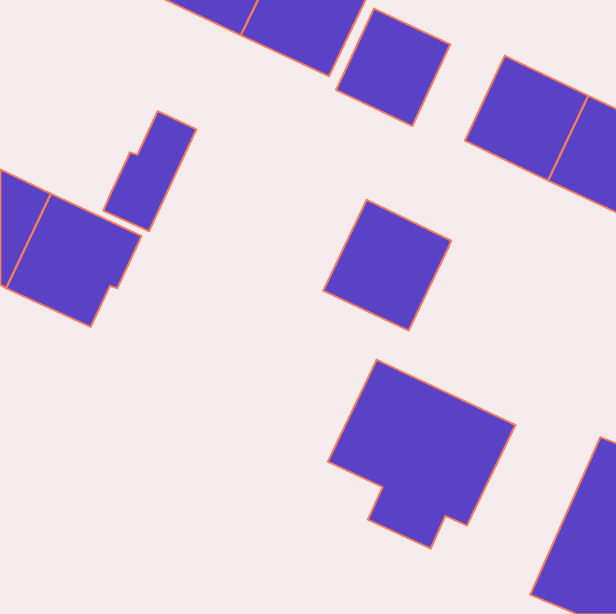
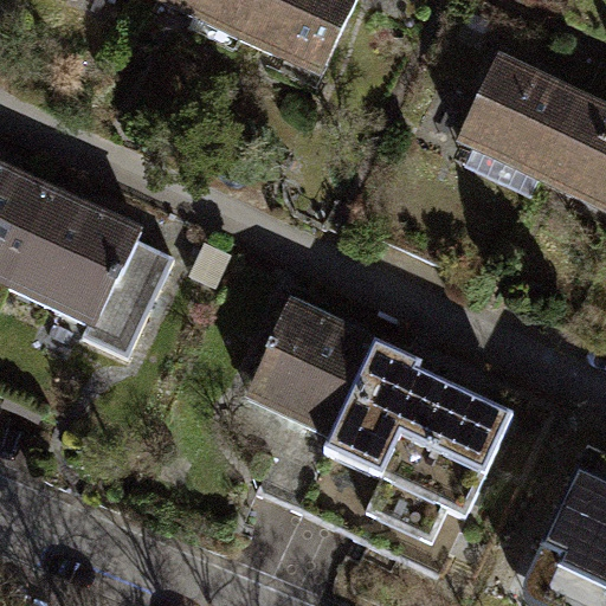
building: [336,8,450,126] -> none
building: [103,111,196,231] -> [84,239,175,356]
building: [323,200,451,330] -> [247,305,373,433]

